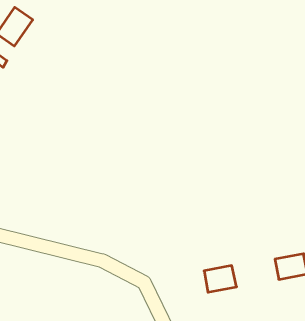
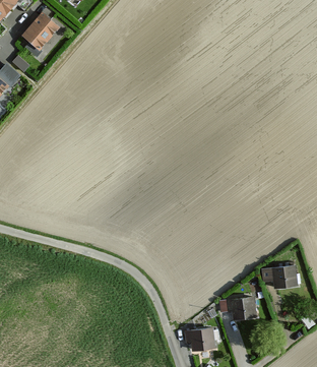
building: [204,266,237,292] -> [228,297,257,320]

